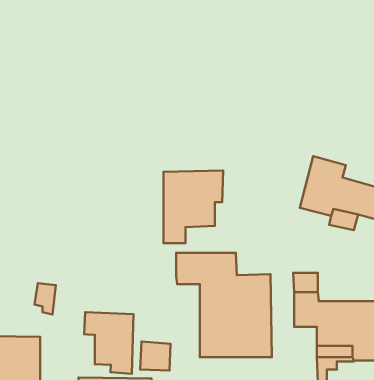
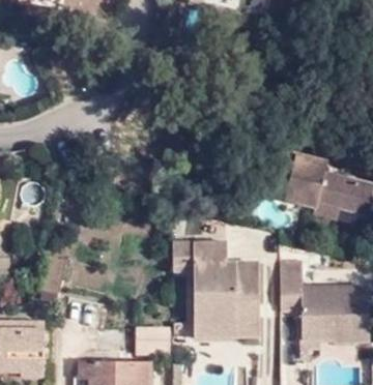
building: [164,171,223,243] -> none
building: [84,312,133,374] -> none

